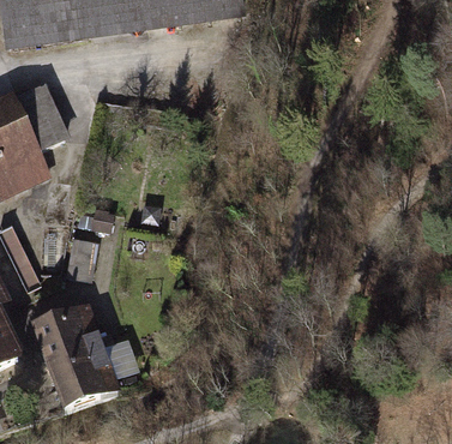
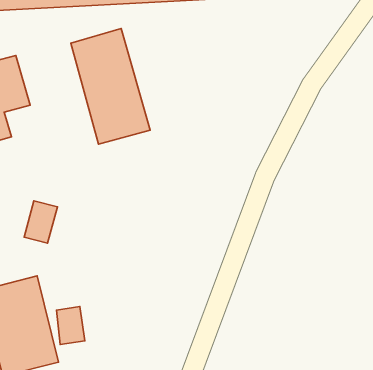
building: none -> [71,29,150,144]

